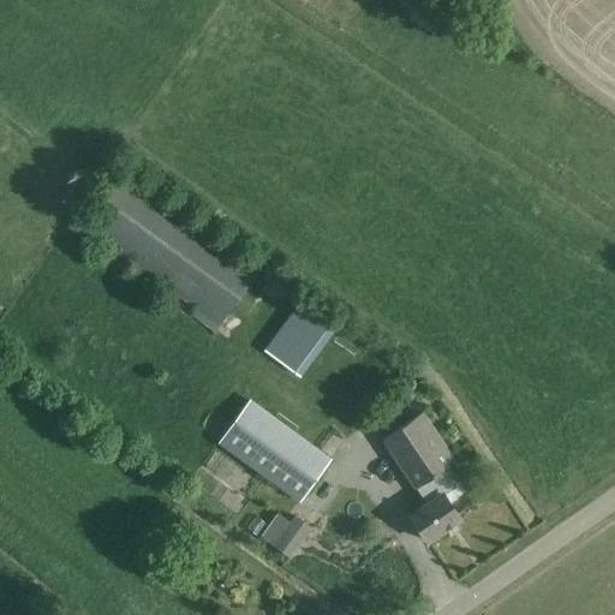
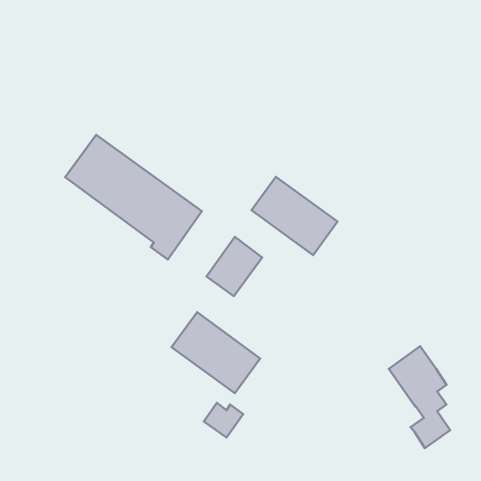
building: none -> [251,177,337,255]
building: [381,413,459,543] -> [389,346,450,448]

